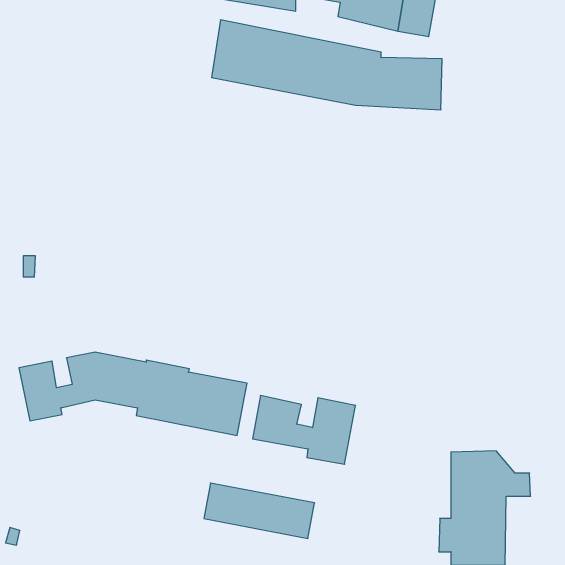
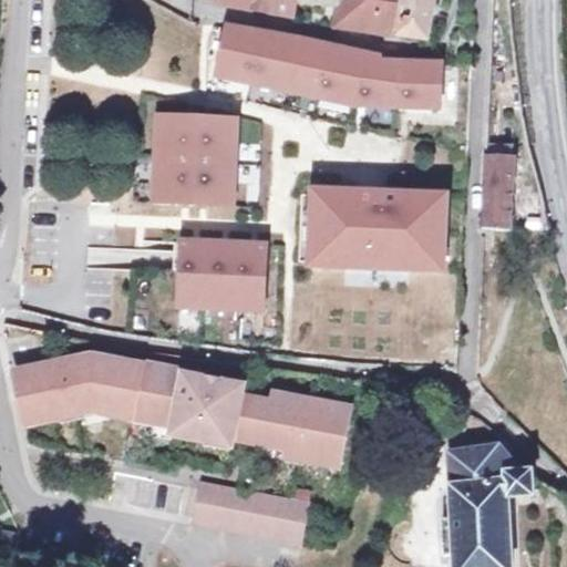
building: none -> [148,113,238,205]
building: none -> [482,151,511,227]
building: none -> [303,183,451,271]
building: none -> [175,238,265,309]

